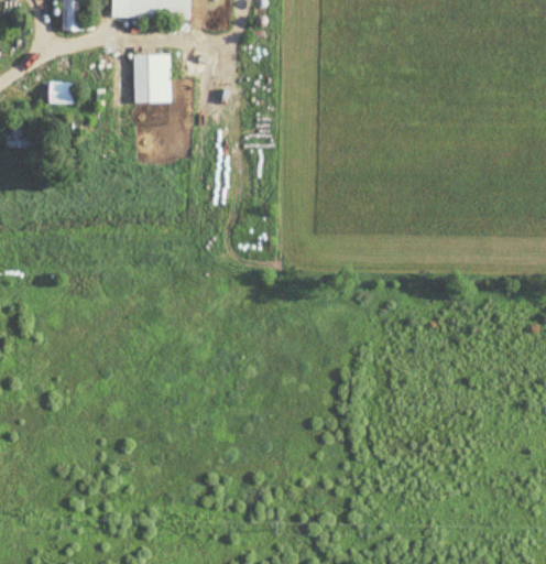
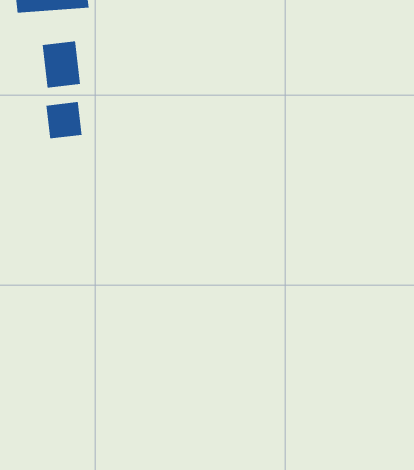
building: none -> [46,101,82,139]

